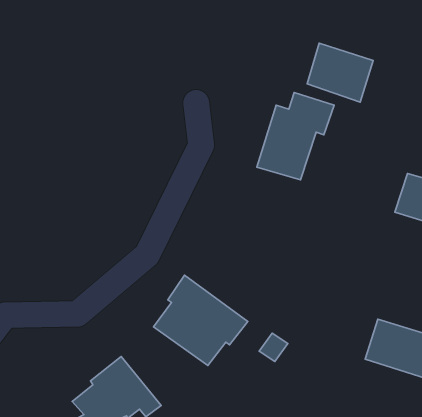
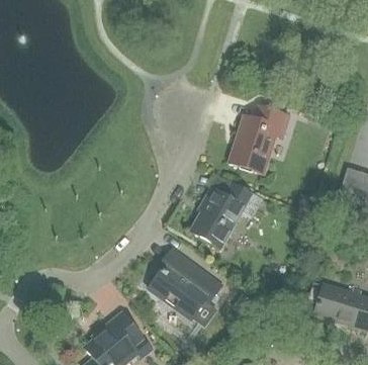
building: [307,43,373,102] -> none
building: none -> [189,181,261,248]

